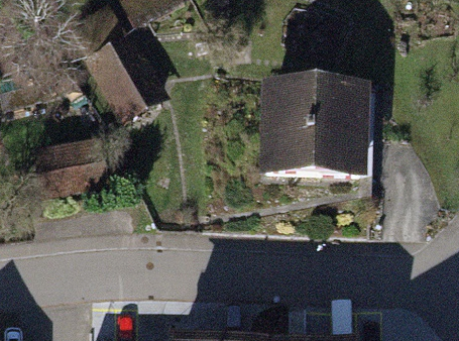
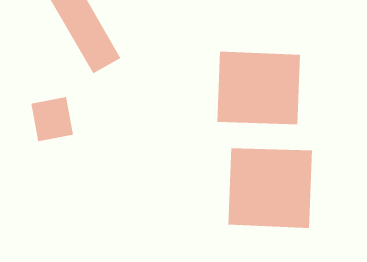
building: none -> [228,147,312,229]

